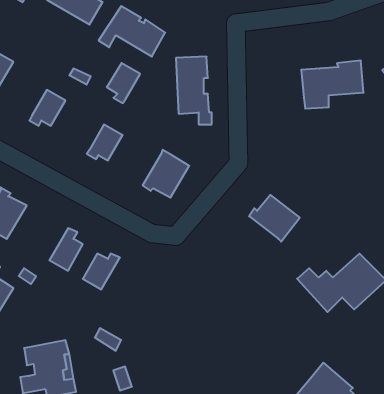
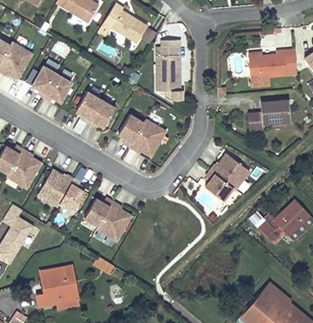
building: [107,63,140,103] -> [73,90,99,121]
building: none -> [29,64,55,95]
building: none -> [250,100,291,130]
building: none -> [117,113,142,145]
building: none -> [35,168,71,204]
building: none -> [203,169,232,199]
building: none -> [95,200,130,240]

